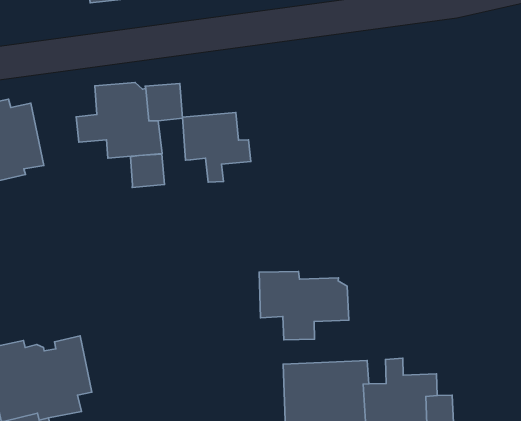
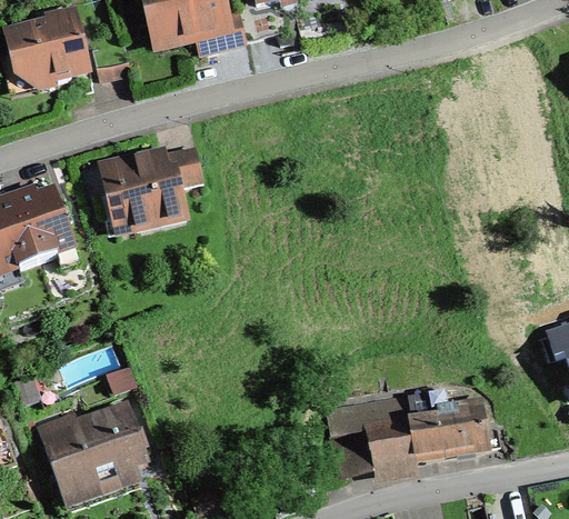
building: [182,112,251,182] -> none
building: [131,154,165,187] -> none
building: [259,272,349,340] -> none

